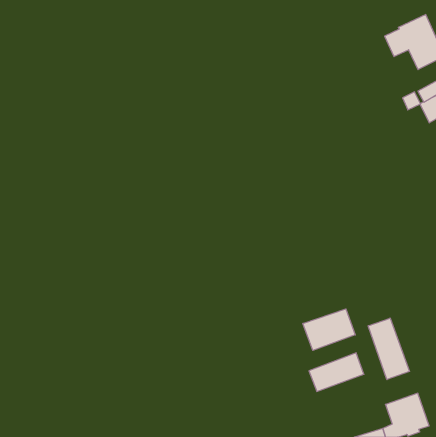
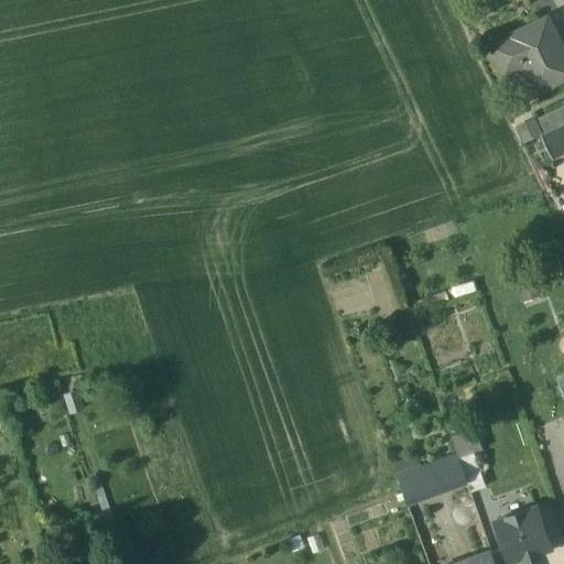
building: [303,309,355,350] -> none
building: [368,318,409,380] -> none

